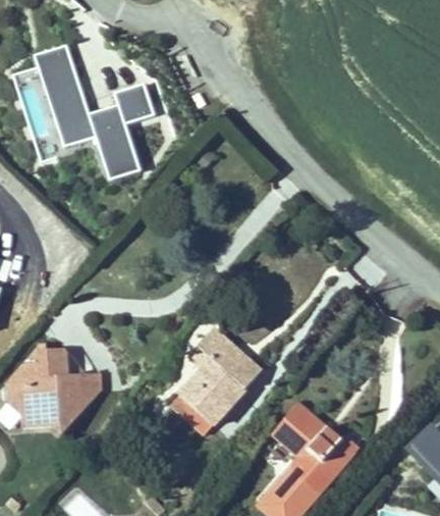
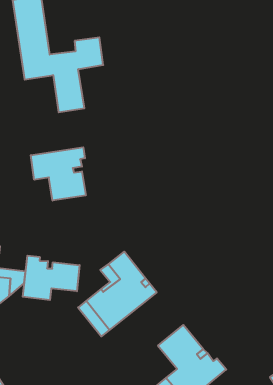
building: none -> [31,147,86,201]
building: none -> [23,256,80,300]

